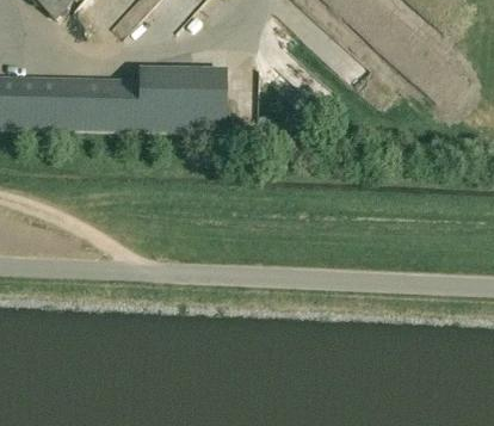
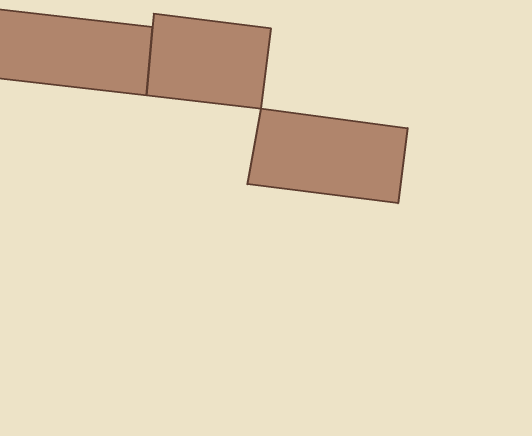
building: none -> [247,108,408,203]

